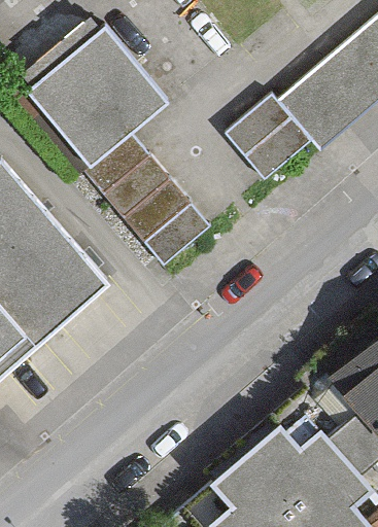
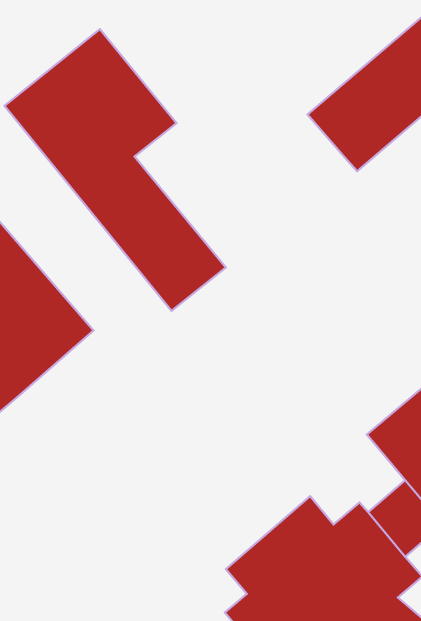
building: [227,97,312,180] -> none

